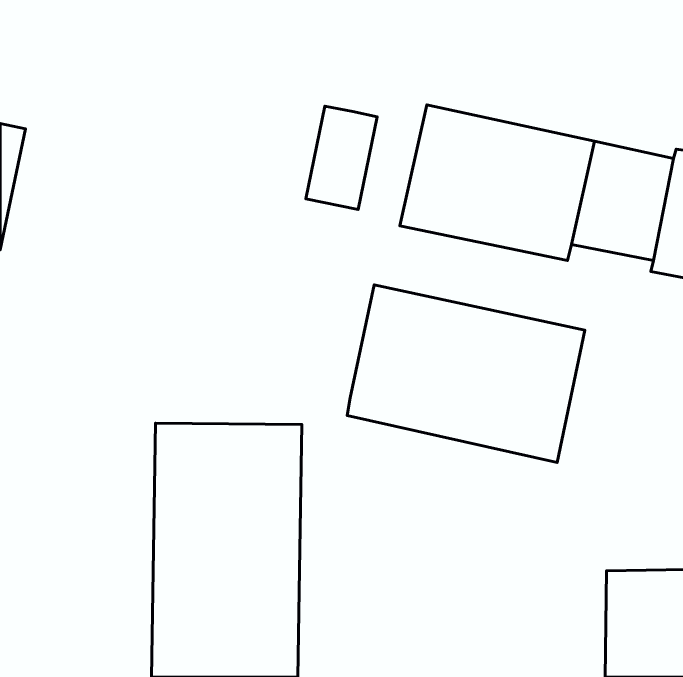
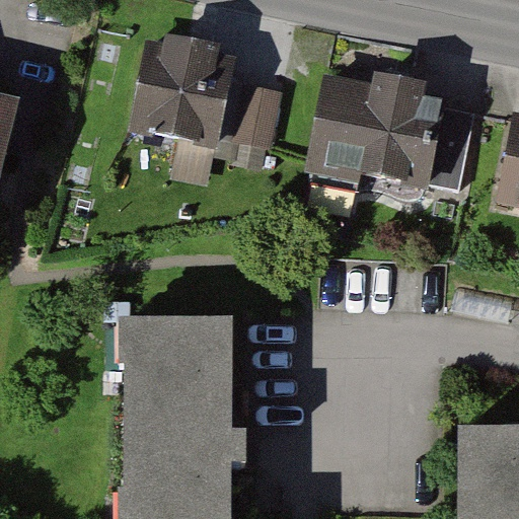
building: none -> [132,28,242,144]
building: [347,285,585,462] -> none

